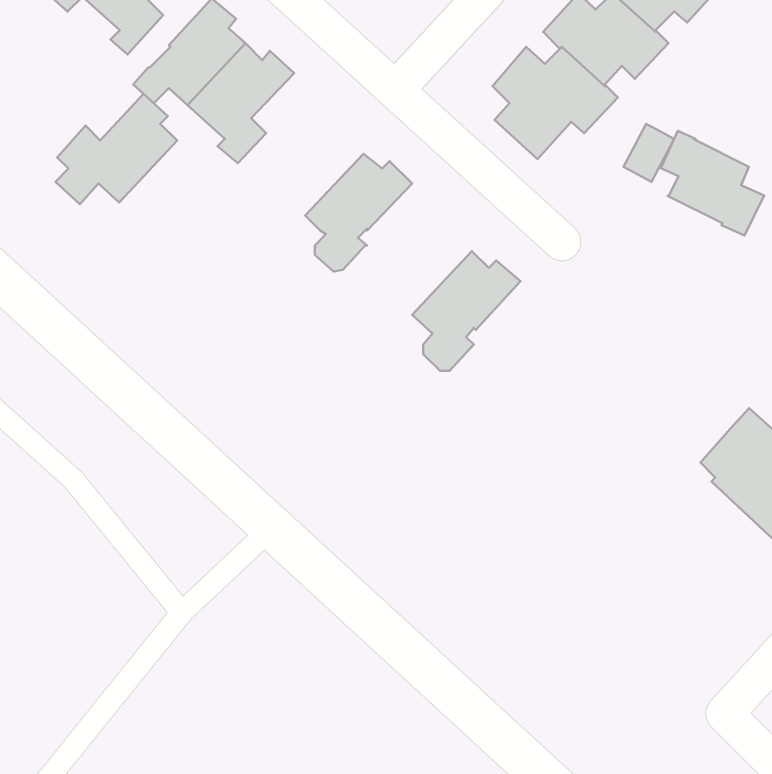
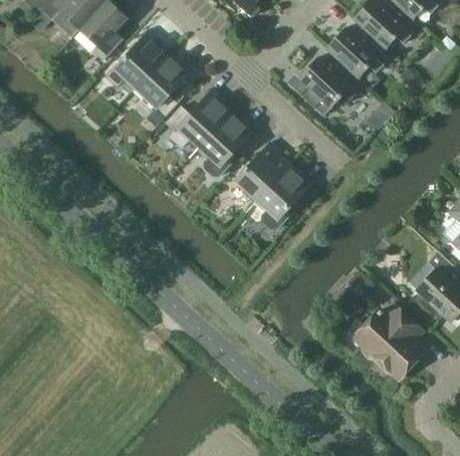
building: [55,94,177,204] -> [164,88,229,148]
building: [661,131,764,235] -> none
building: none -> [234,142,287,200]
building: none -> [353,302,424,379]

